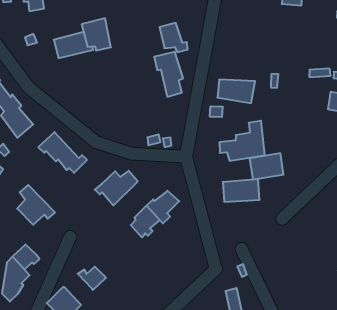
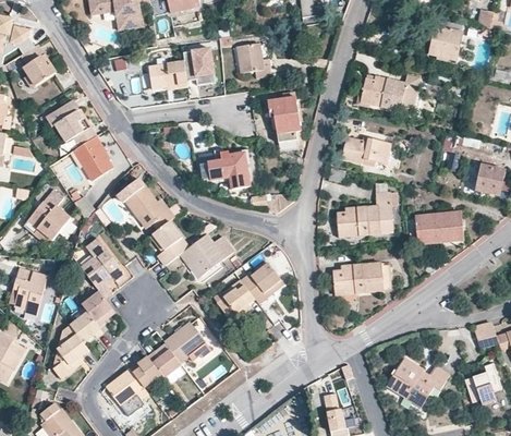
building: [159,23,188,52] -> [236,43,268,78]
building: none -> [361,76,403,110]
building: none -> [197,152,251,190]
building: [250,153,284,180] -> [419,215,459,243]
building: none -> [153,221,188,265]
building: none -> [82,292,111,326]
building: none -> [162,323,210,361]
building: none -> [388,359,447,405]
building: none -> [130,354,162,388]

